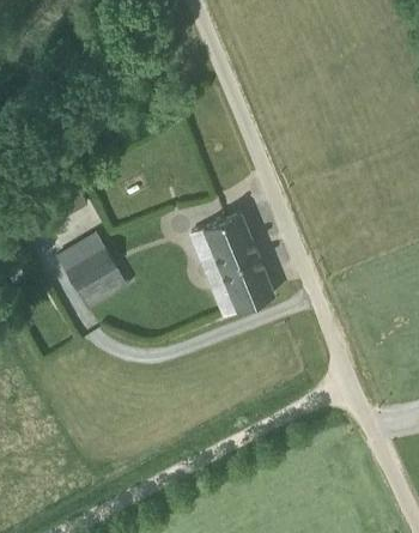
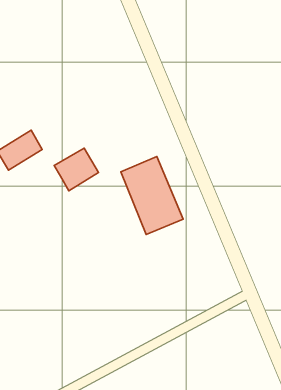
building: [61,237,120,293] -> [54,148,99,191]

